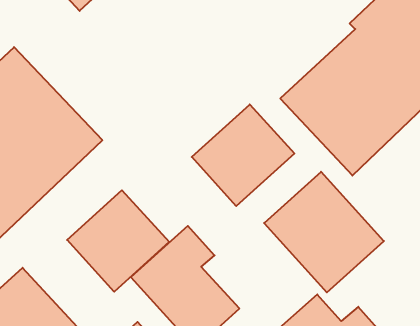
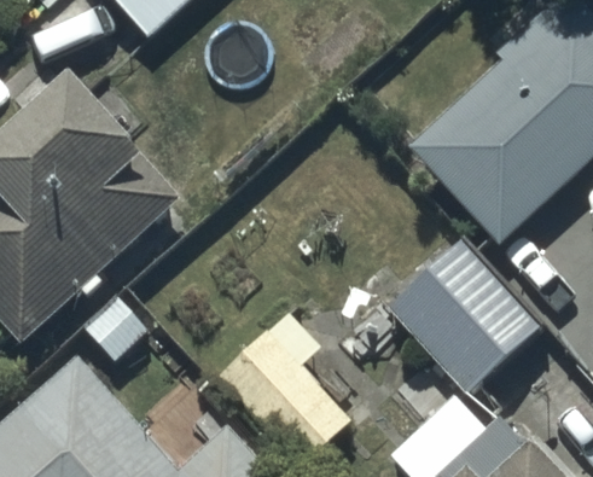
building: [192,104,294,206] -> none
building: [67,190,169,292] -> none

